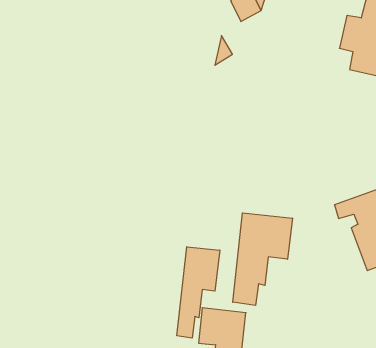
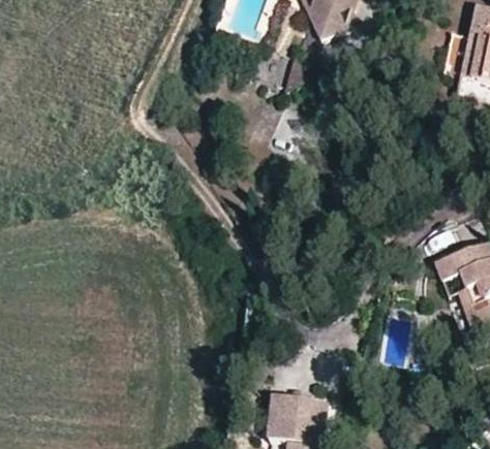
building: [233,213,292,305] -> none
building: [177,247,220,338] -> none

